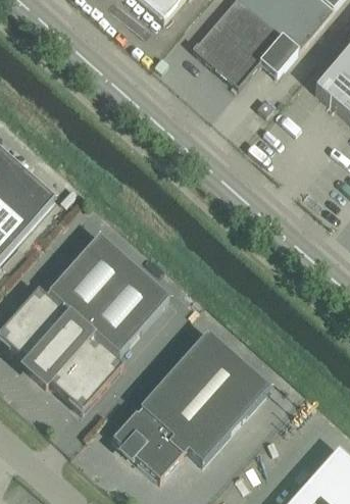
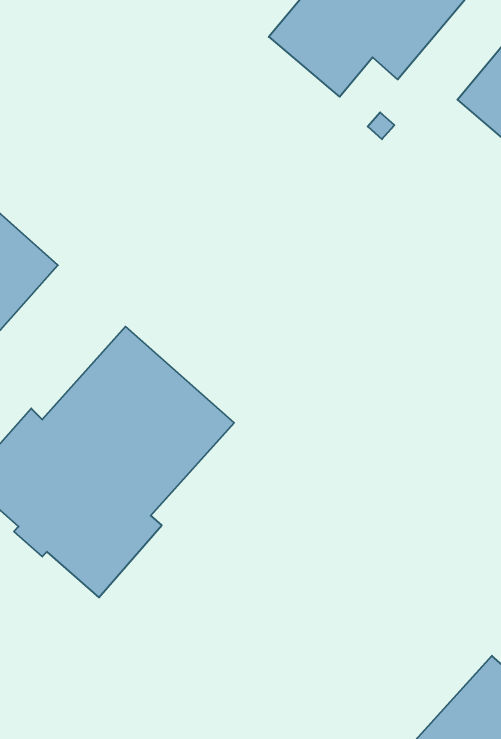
building: [113,330,270,478] -> none

